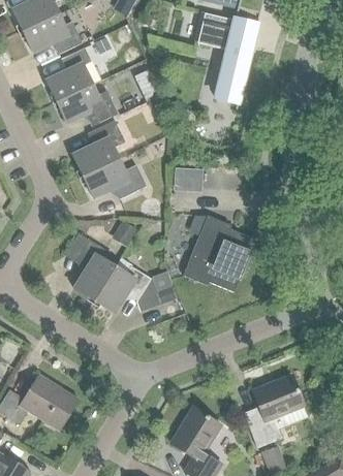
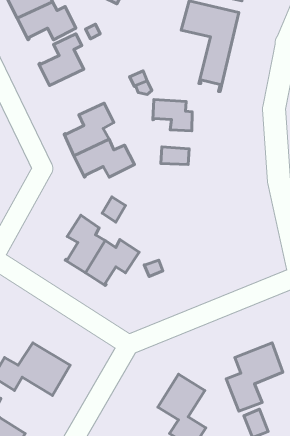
building: [56,84,116,124] -> none
building: none -> [153,99,192,131]
building: [182,215,255,291] -> none

